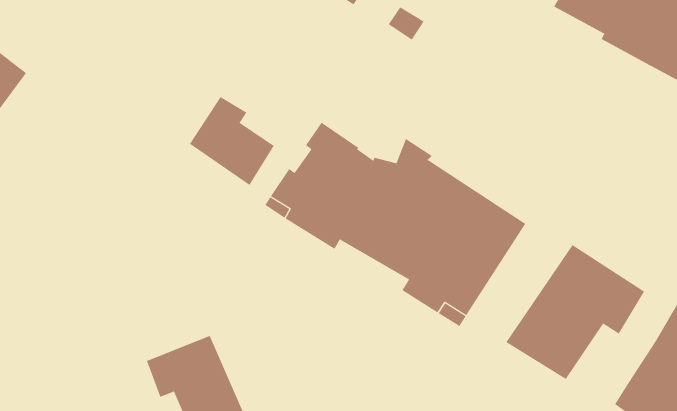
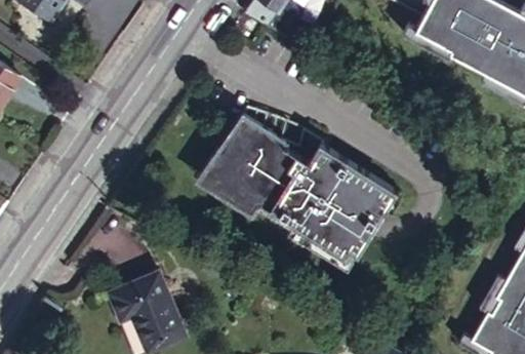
building: [189,96,275,186] -> none
building: [505,244,645,380] -> none

